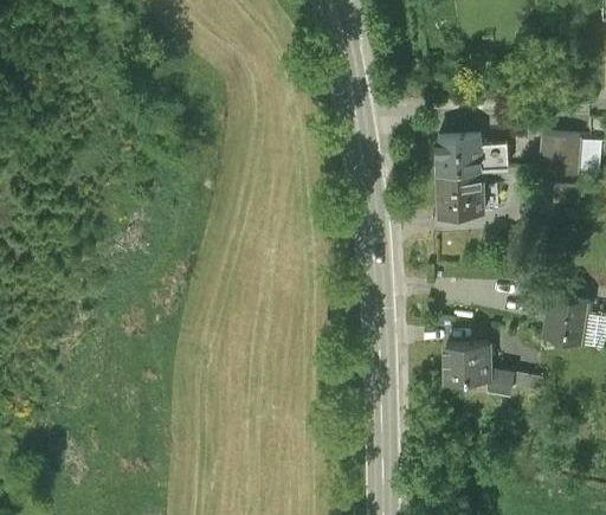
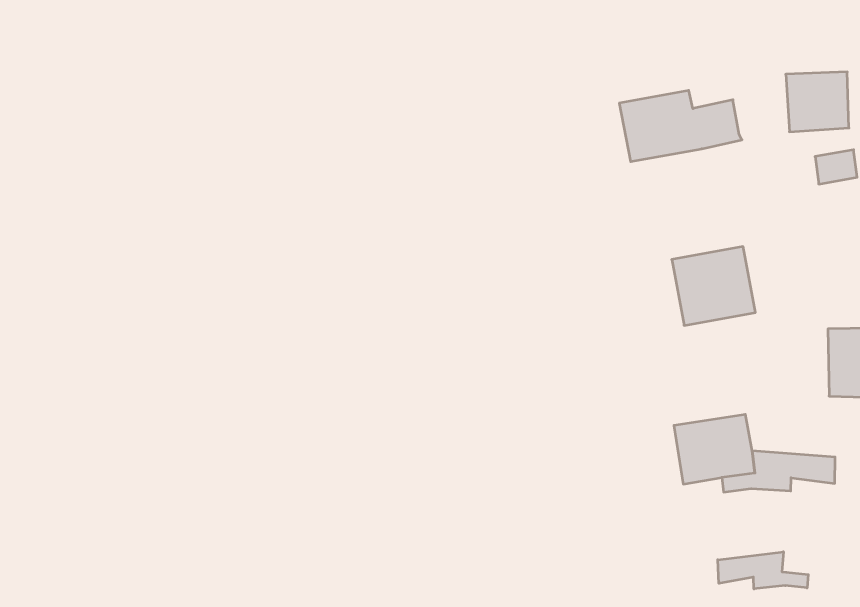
building: [437,170,485,215] -> [672,247,755,325]
building: none -> [718,552,808,589]

